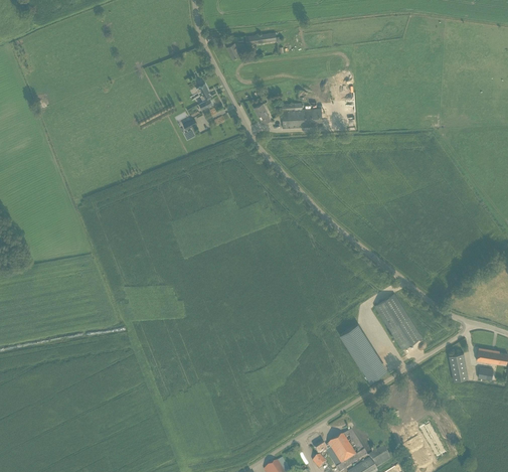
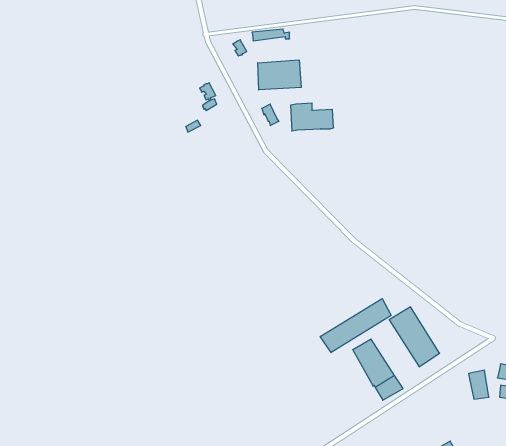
building: none -> [258,60,301,90]
building: none -> [320,299,391,353]

